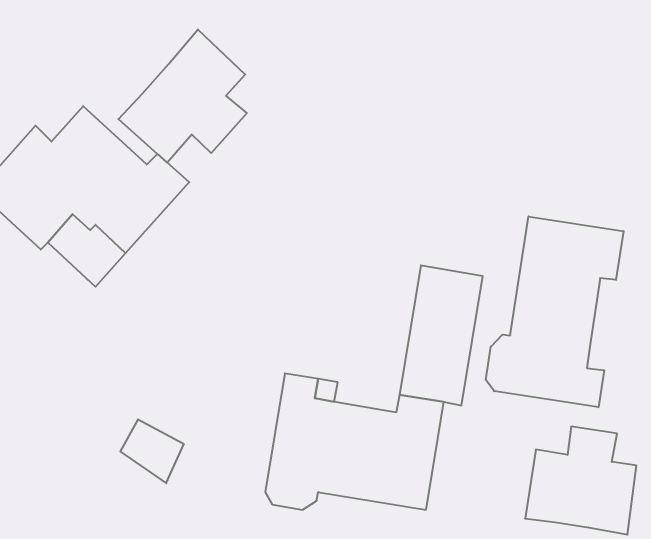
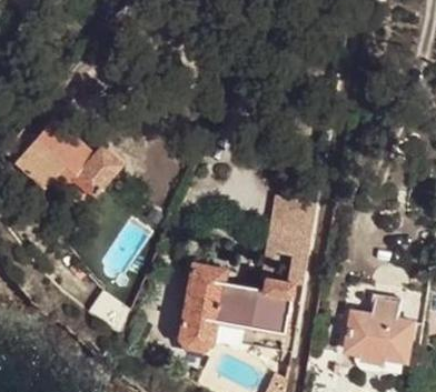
building: [118,29,247,163] -> none
building: [486,216,624,407] -> none

